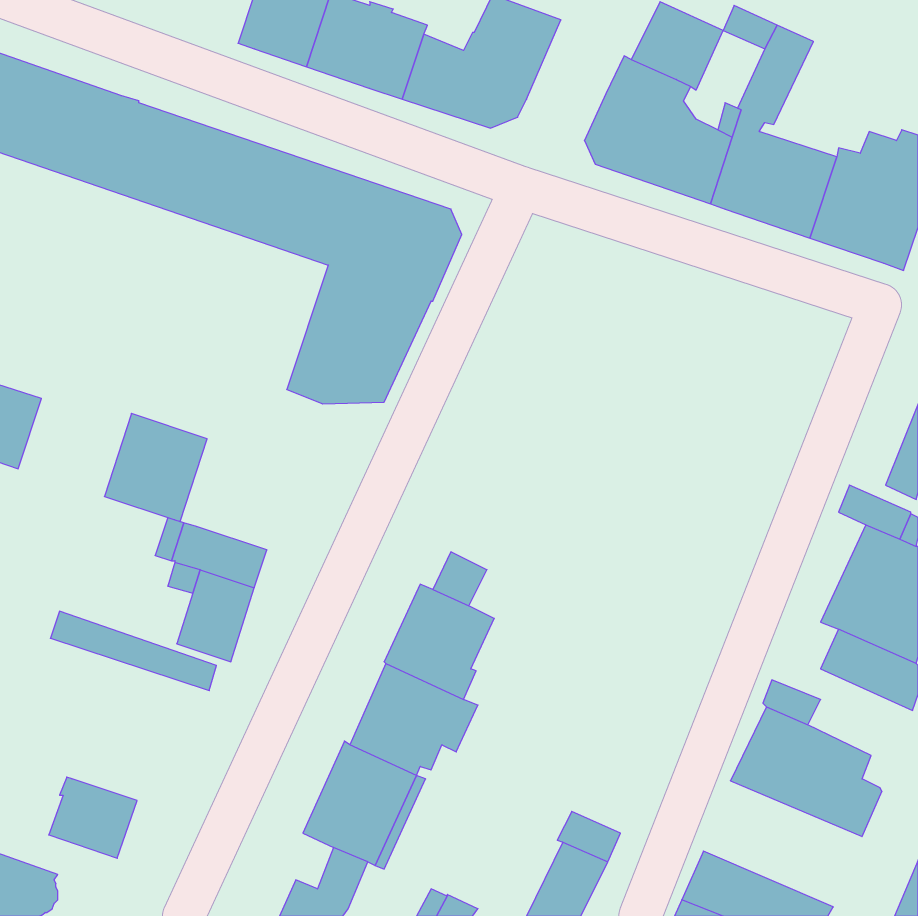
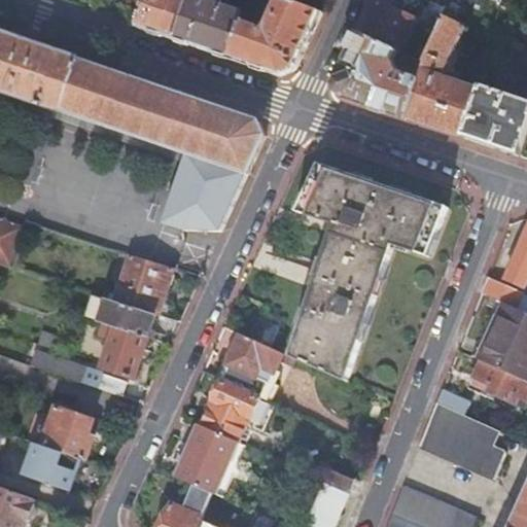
building: none -> [289,164,446,381]
building: [104,413,207,522] -> [112,253,171,315]
building: none -> [41,407,92,459]

